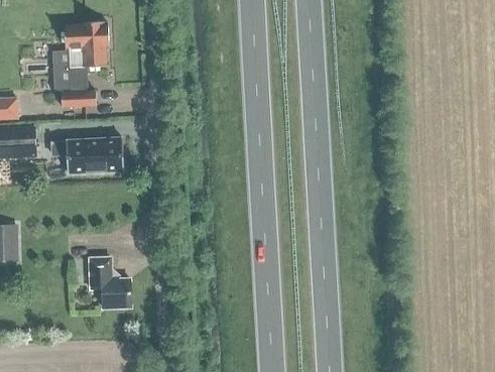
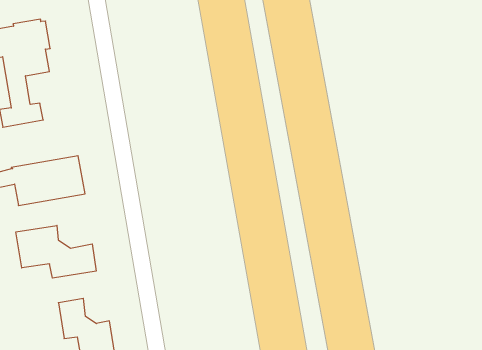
building: none -> [16,225,96,278]

